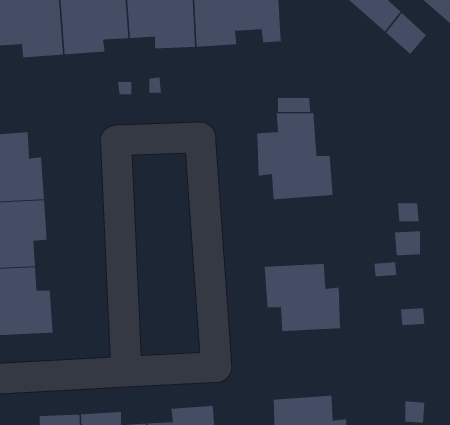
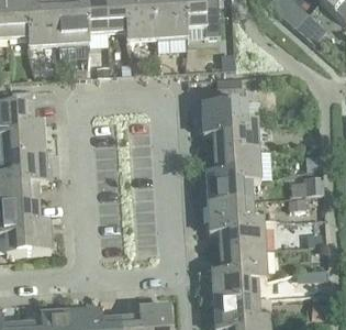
building: none -> [203,149,258,201]
building: none -> [210,248,265,300]

